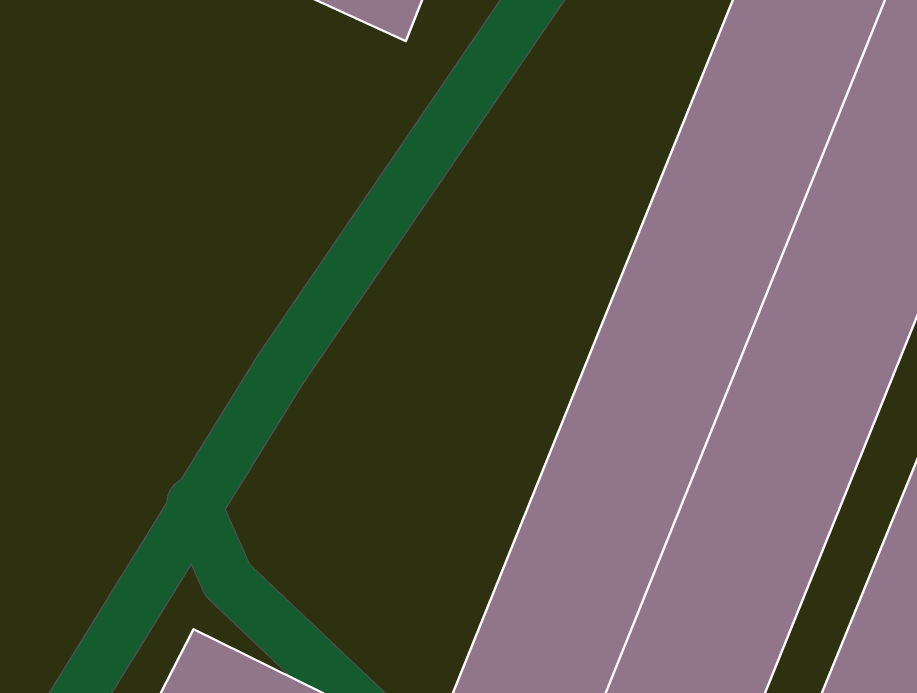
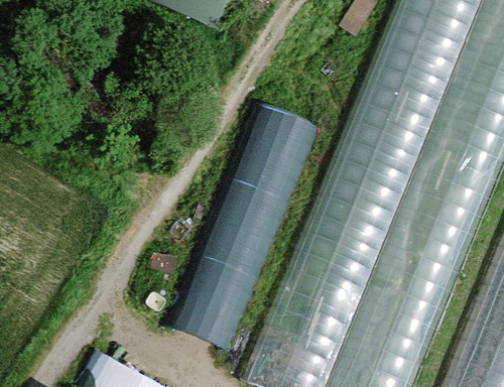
building: none -> [173,106,320,350]

